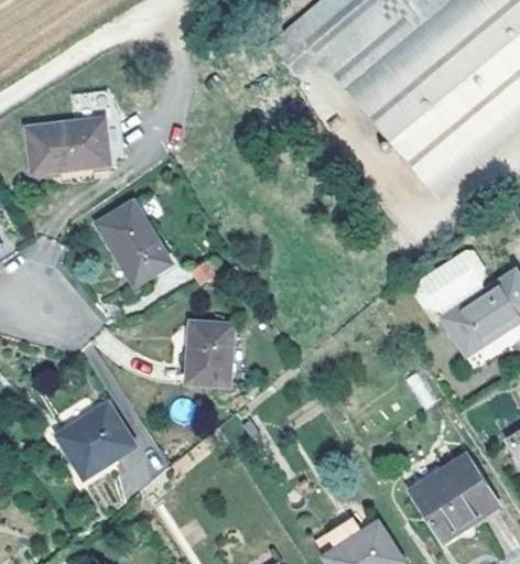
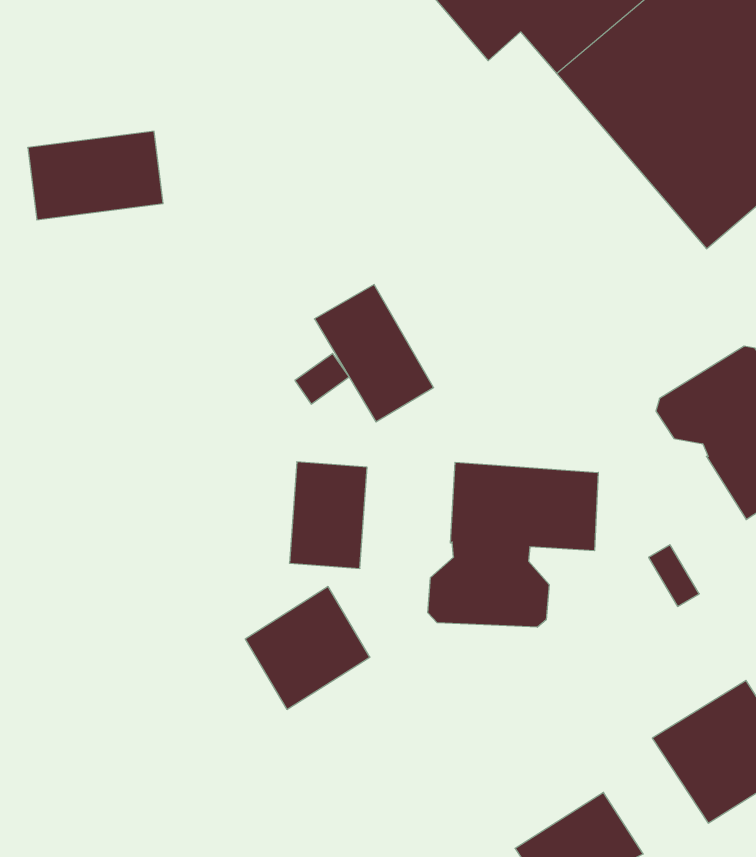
building: [98,202,171,285] -> [314,285,434,422]
building: none -> [428,462,598,627]
building: [58,403,134,478] -> [245,587,370,709]

